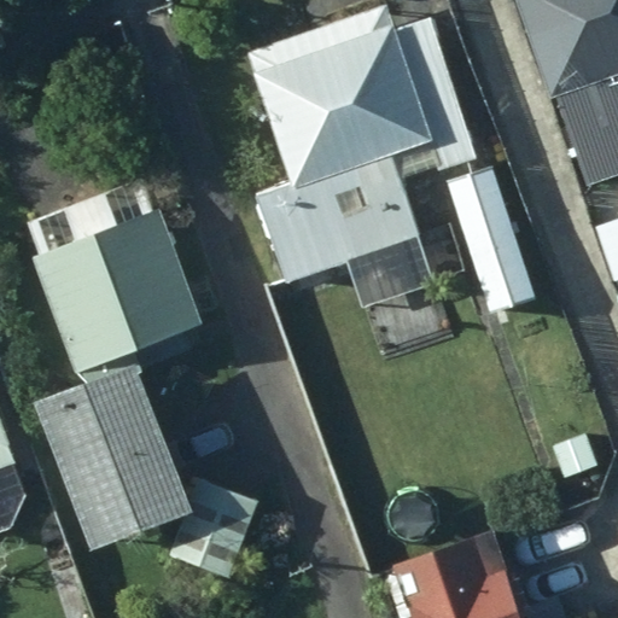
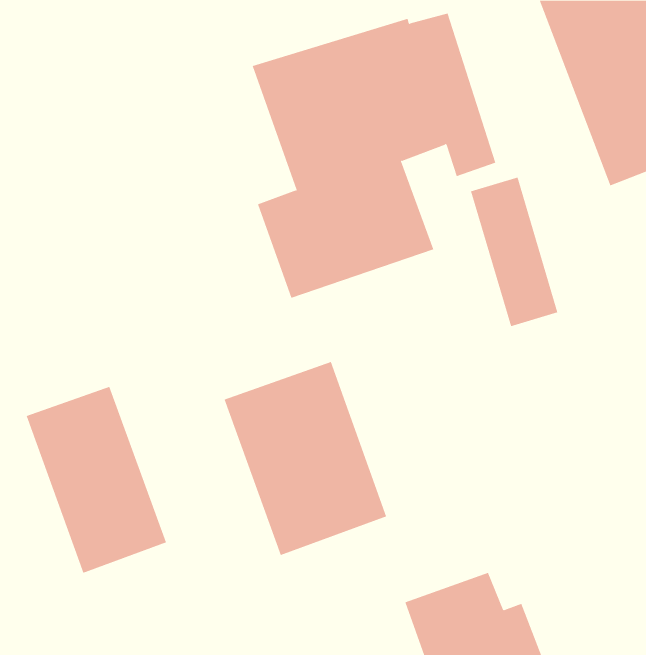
building: [36,210,197,367] -> none
building: none -> [224,361,387,556]

